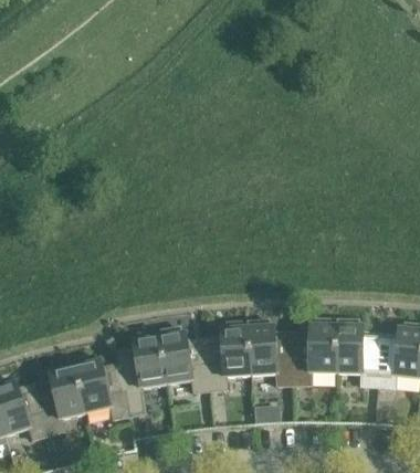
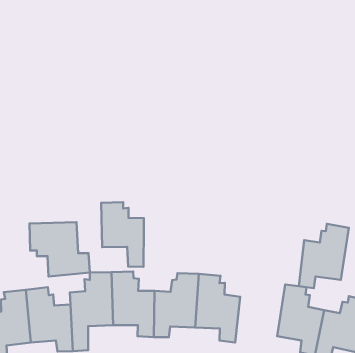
building: none -> [101,202,144,267]
building: none -> [30,222,90,276]
building: [293,319,337,387] -> [299,224,349,288]

